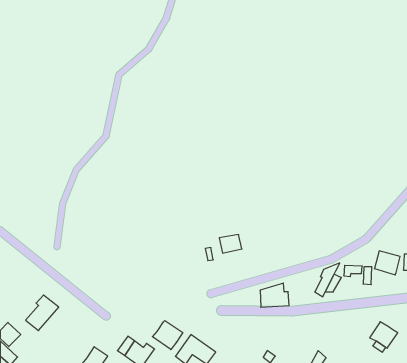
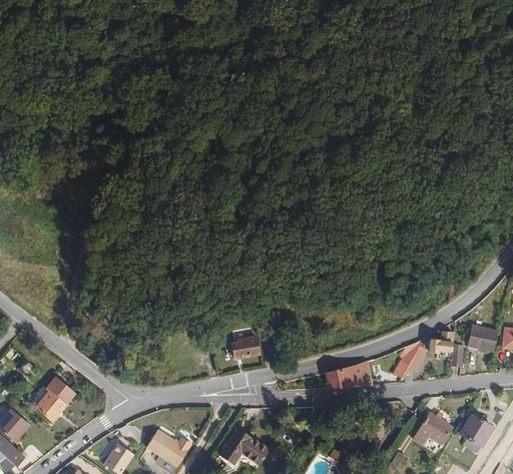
building: [219,235,242,253] -> [231,339,260,362]
building: [152,321,183,350] -> none
building: none -> [413,411,453,452]

